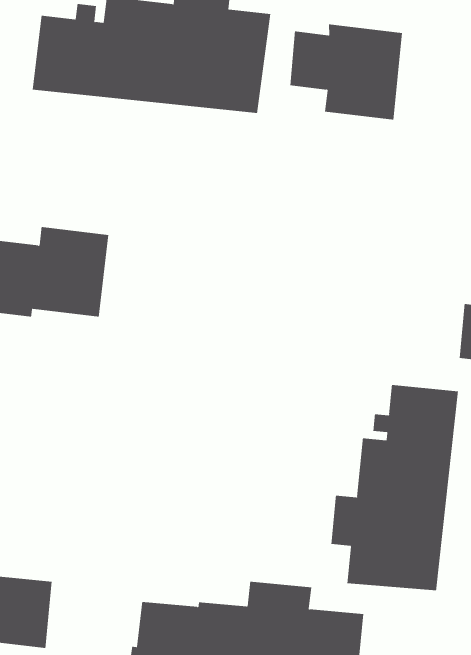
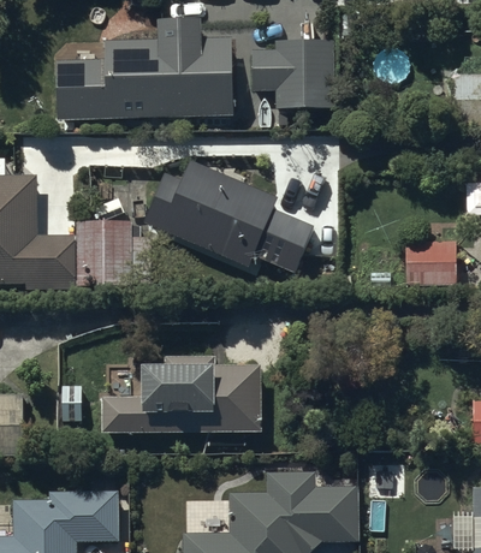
building: none -> [144,160,315,274]
building: [331,384,459,591] -> none
building: none -> [101,356,261,433]

